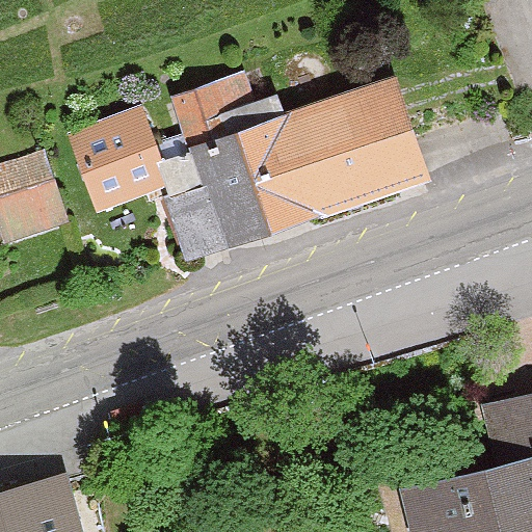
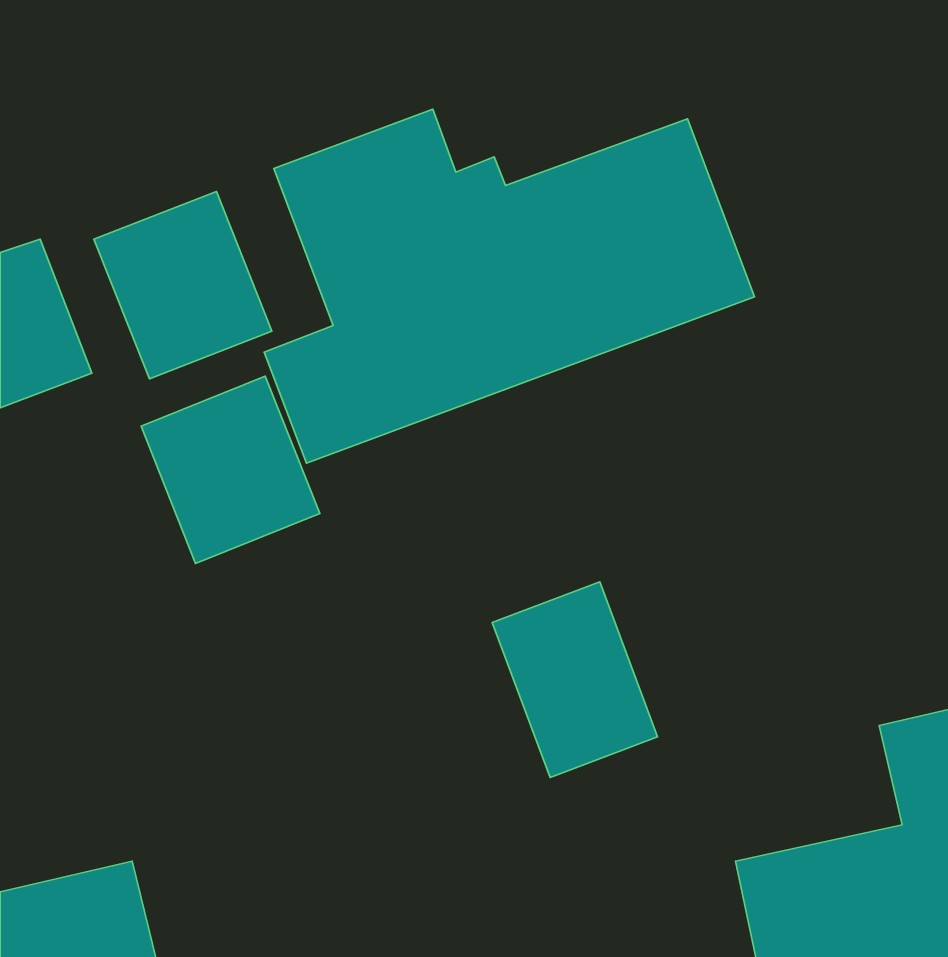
building: none -> [141,376,320,564]
building: none -> [492,582,657,778]

